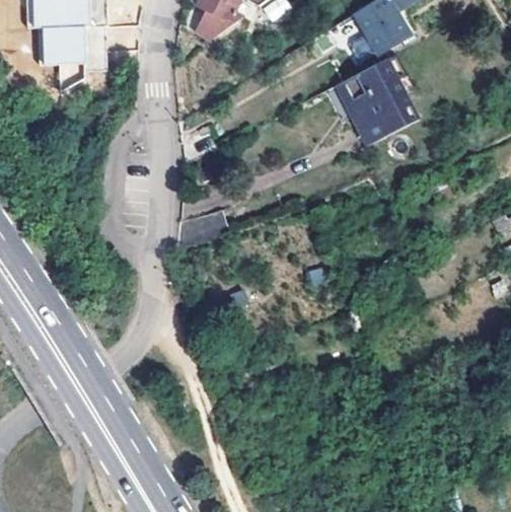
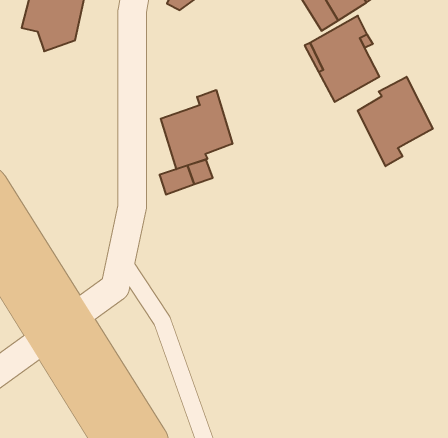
building: none -> [358,77,433,166]
building: none -> [161,90,232,169]

